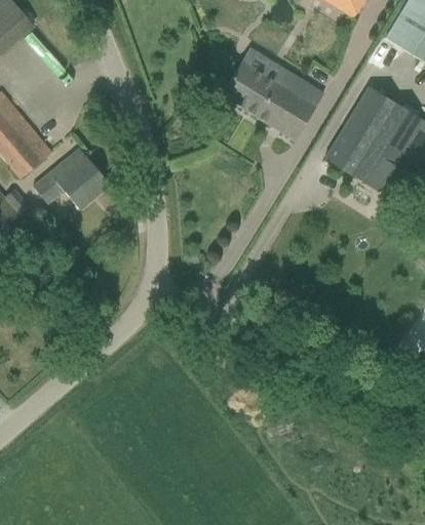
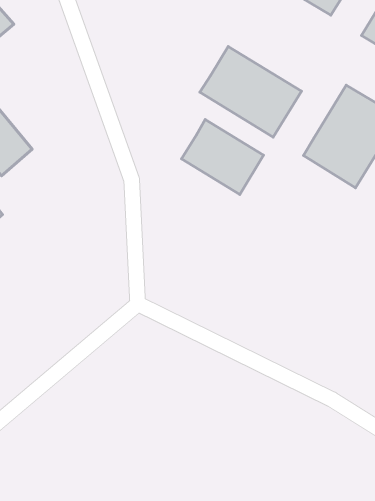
building: none -> [182,120,263,194]
building: [33,152,109,208] -> none

